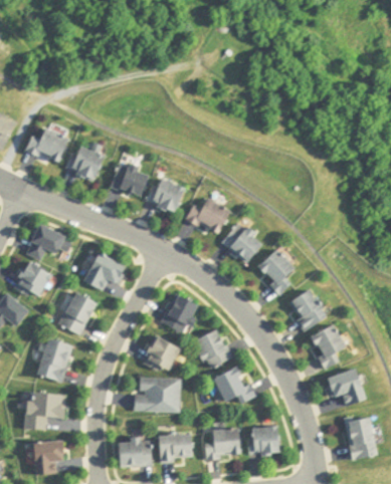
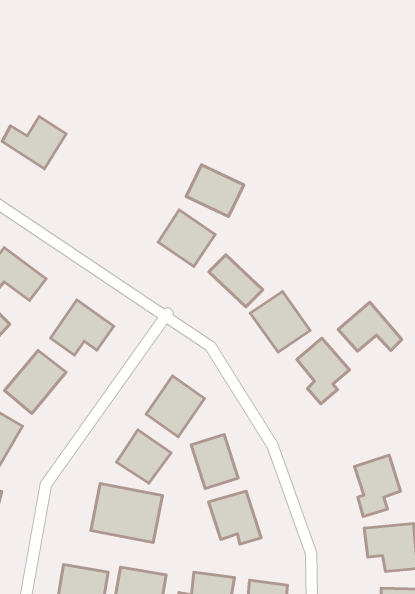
building: [67,144,105,182] -> none
building: [111,163,150,196] -> [186,165,244,216]
building: none -> [338,302,402,351]
building: [288,289,326,330] -> none

